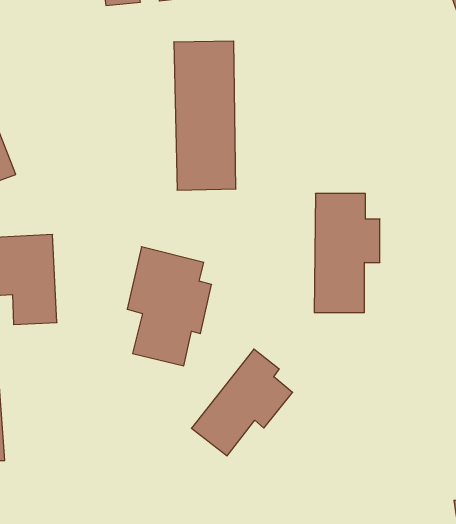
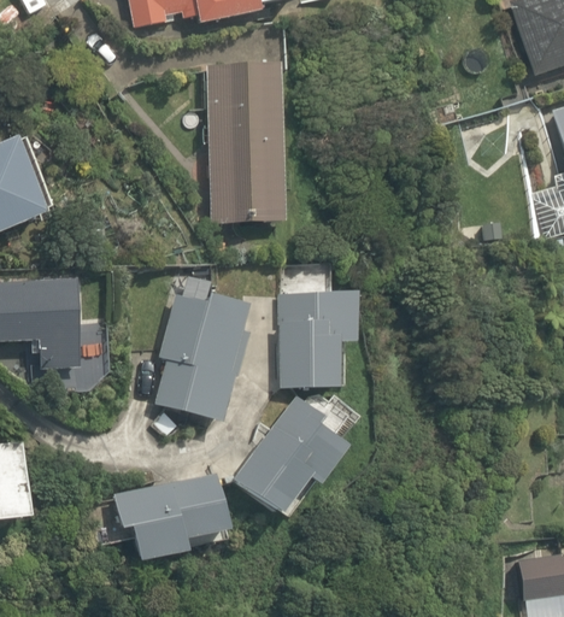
building: [314,194,380,313] -> [282,263,353,392]
building: none -> [114,472,225,557]

